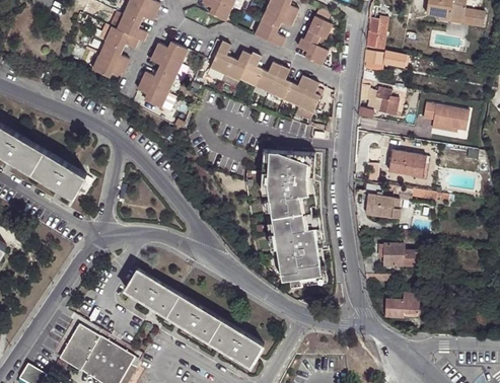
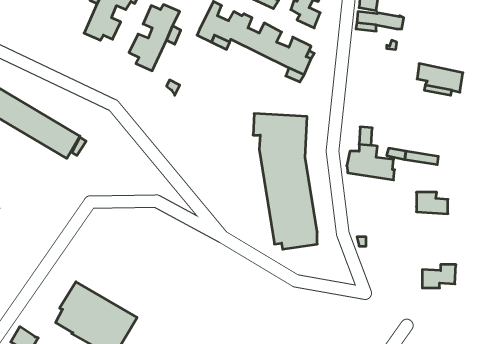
building: [356,85,401,118] -> none
building: [386,151,424,177] -> none
building: [384,244,416,265] -> [416,192,448,214]
building: [125,269,263,364] -> none
building: [384,294,418,317] -> [422,265,456,288]

